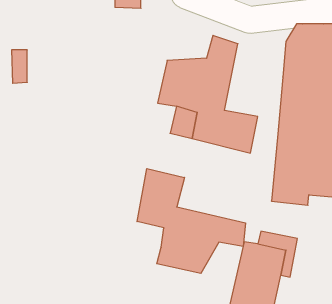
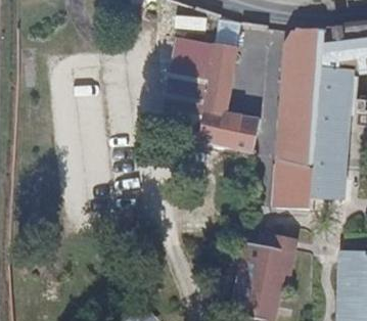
building: [137,169,245,273] -> none

